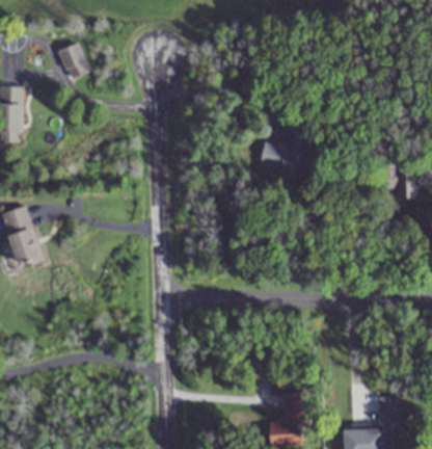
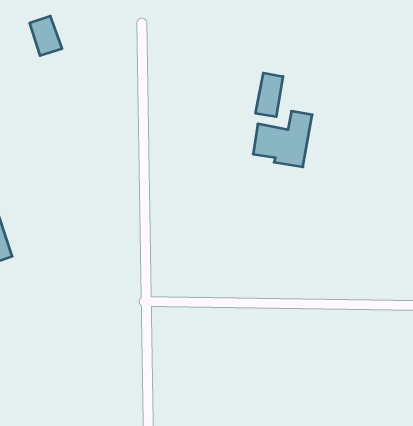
building: none -> [256,73,283,117]

